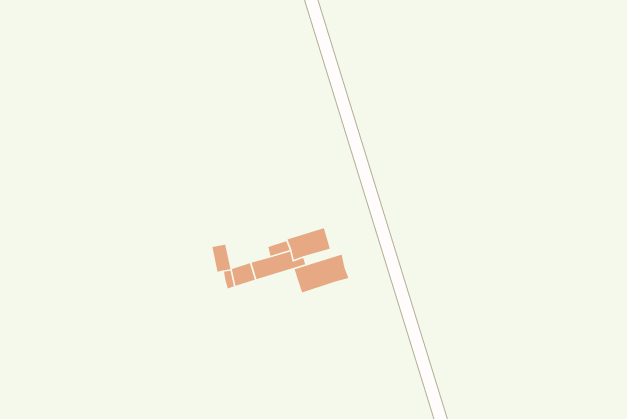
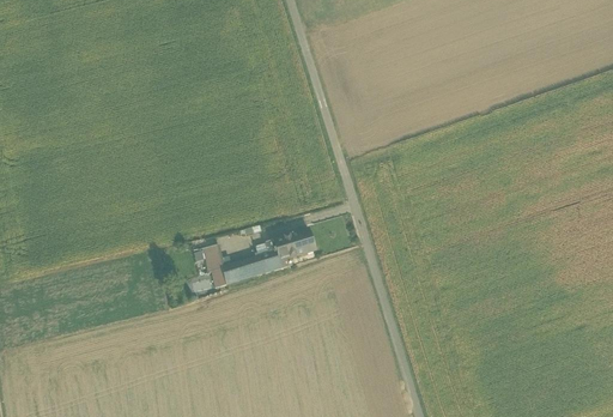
building: [293,254,350,293] -> none

